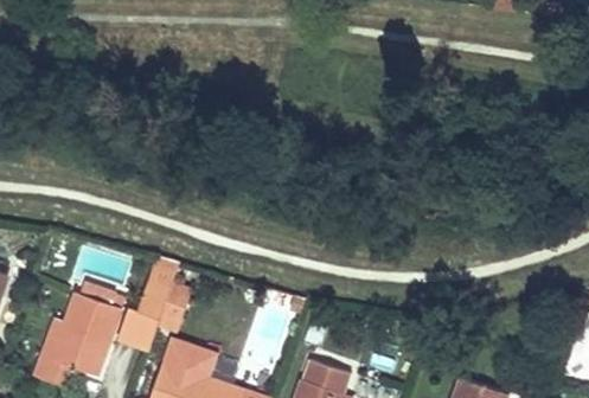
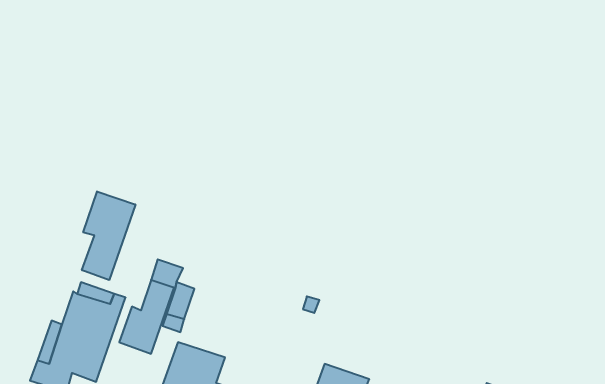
building: none -> [82,191,135,280]

